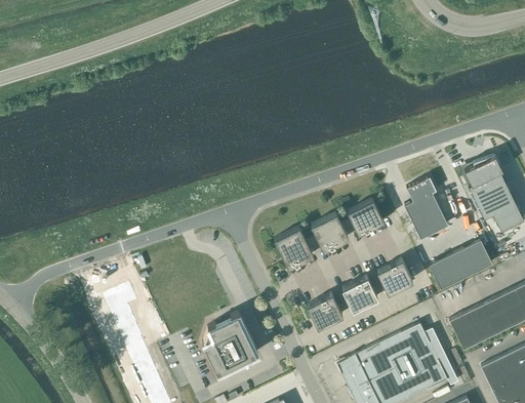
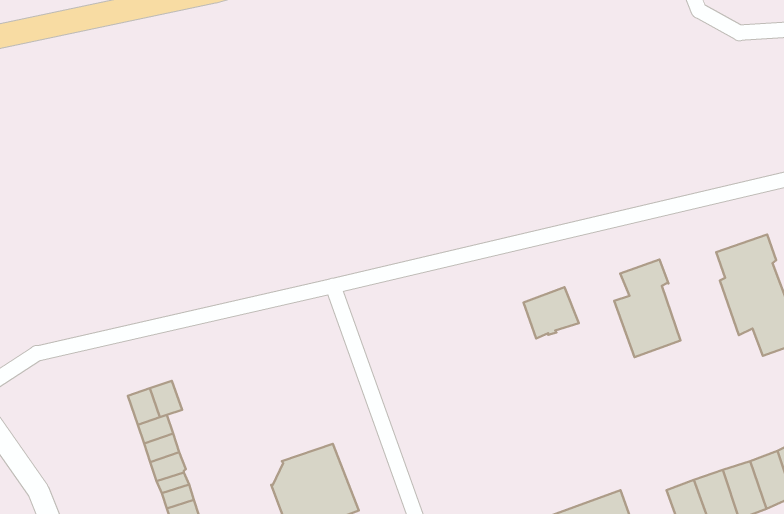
building: [311,214,348,250] -> none
building: [275,228,313,268] -> none
building: [429,240,492,289] -> none
building: [377,260,412,293] -> none
building: [342,277,377,311] -> none
building: [308,294,342,328] -> none

